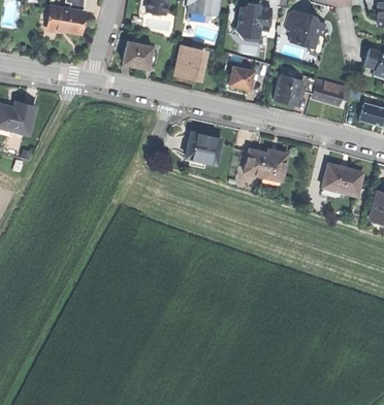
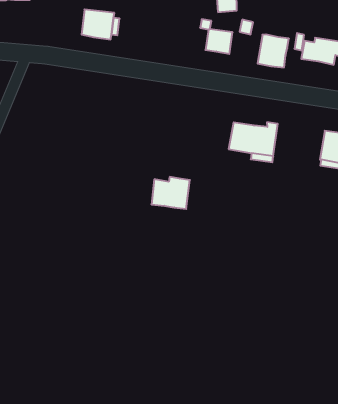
building: [174,45,201,79] -> none
building: [186,135,221,164] -> [151,177,190,209]

